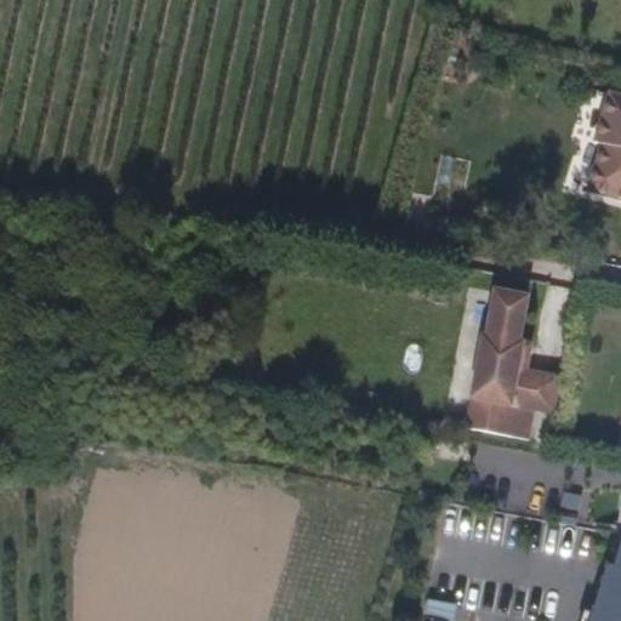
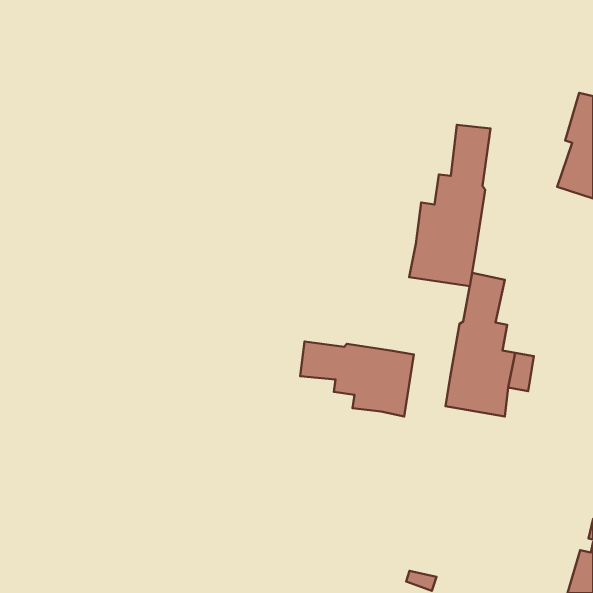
building: none -> [409,125,491,286]
building: none -> [300,342,414,417]

